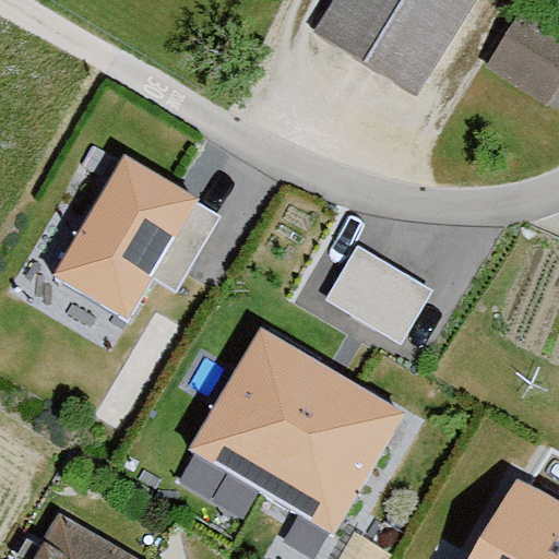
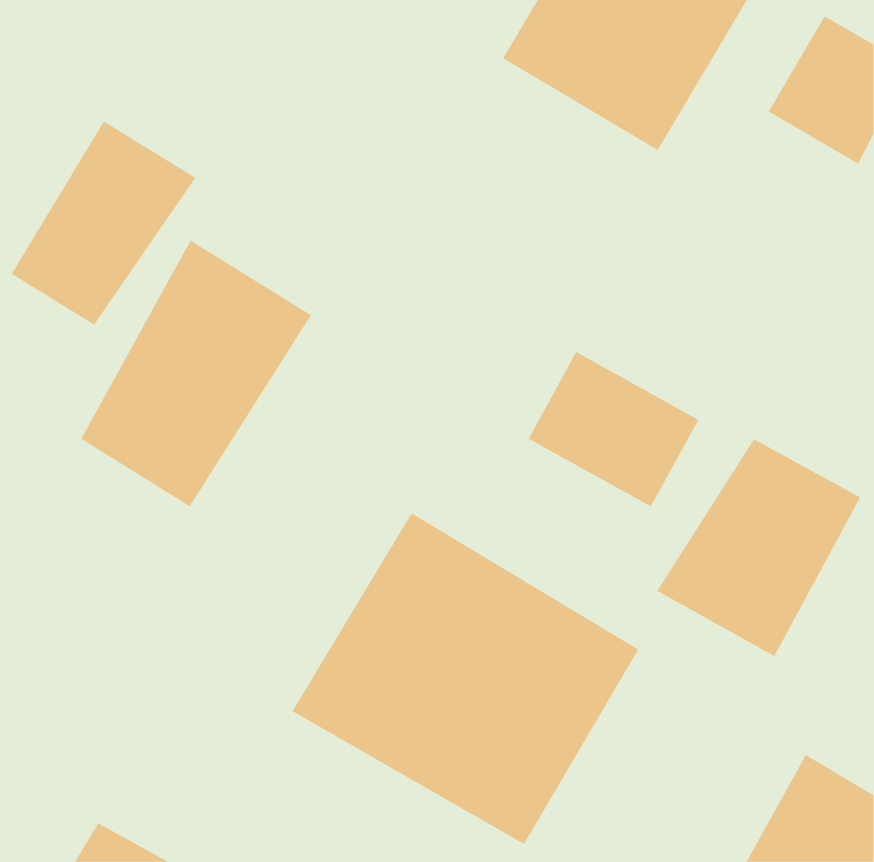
building: none -> [11,120,196,325]
building: none -> [657,438,861,657]

